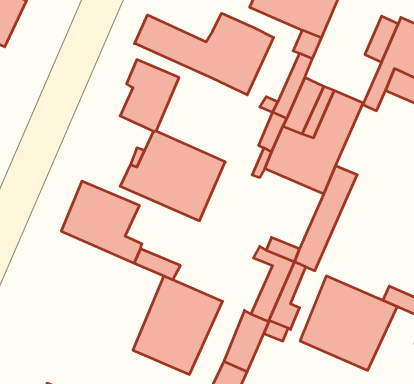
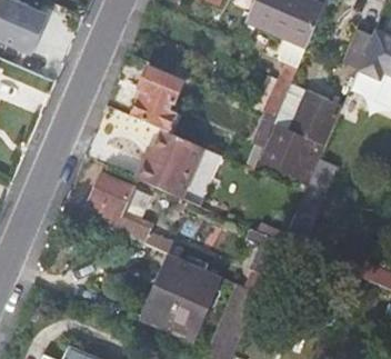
building: [134,13,274,95] -> none
building: [300,276,397,370] -> none

